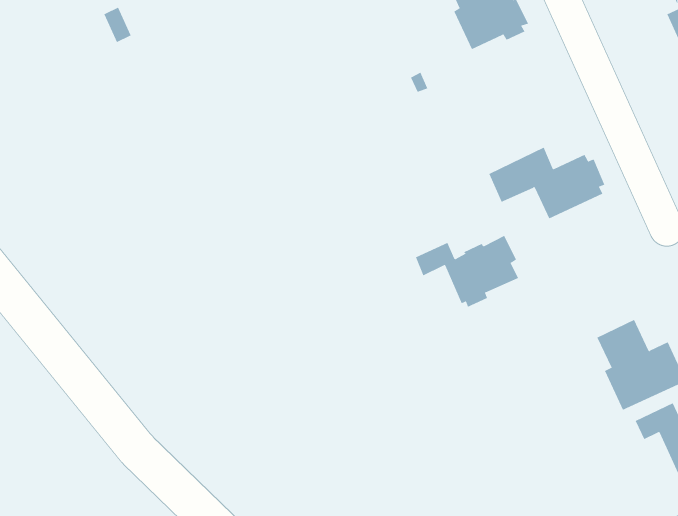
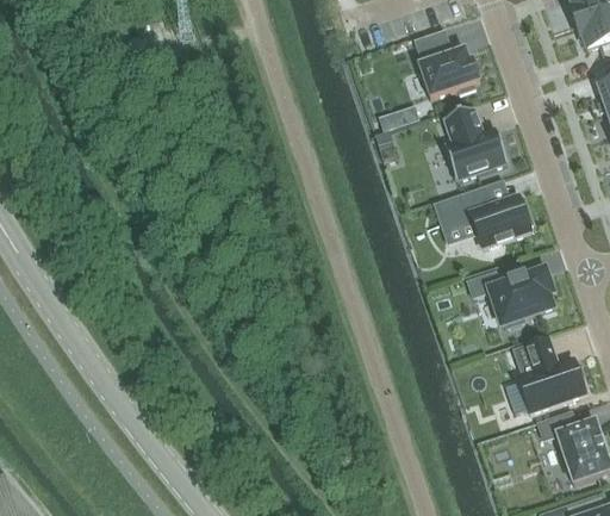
building: none -> [447,106,509,178]
building: [415,235,519,308] -> [467,268,552,325]

